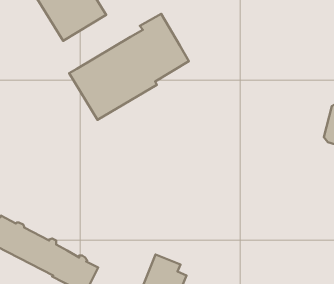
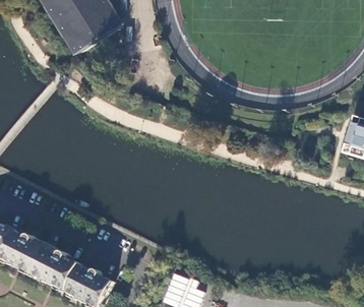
building: [69,14,189,120] -> none

